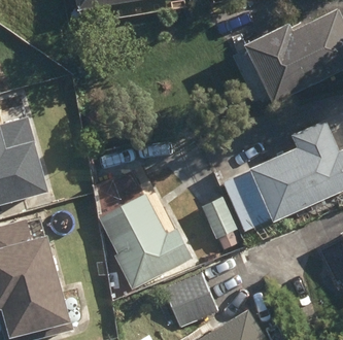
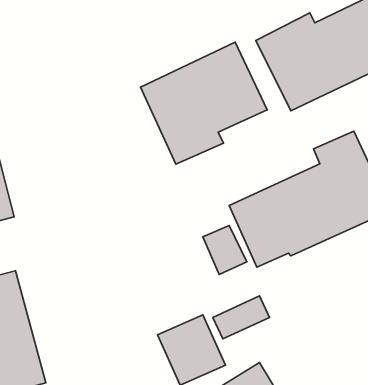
building: none -> [141,42,267,164]
building: [97,193,192,291] -> none

